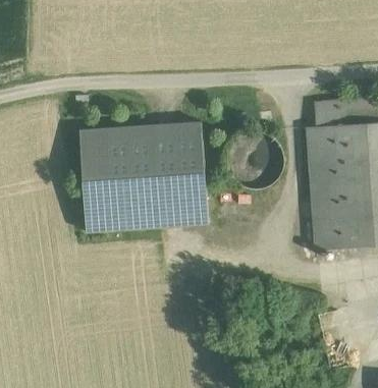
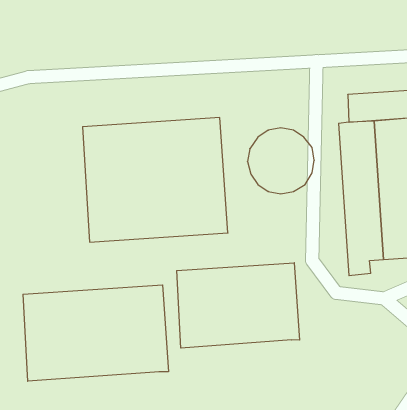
building: none -> [177,263,299,348]
building: none -> [23,285,168,381]

